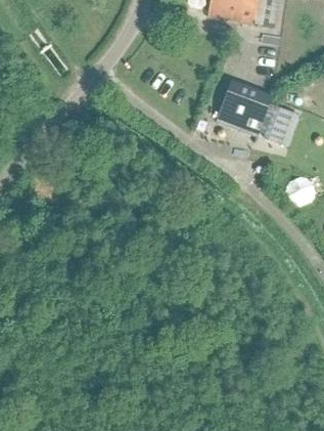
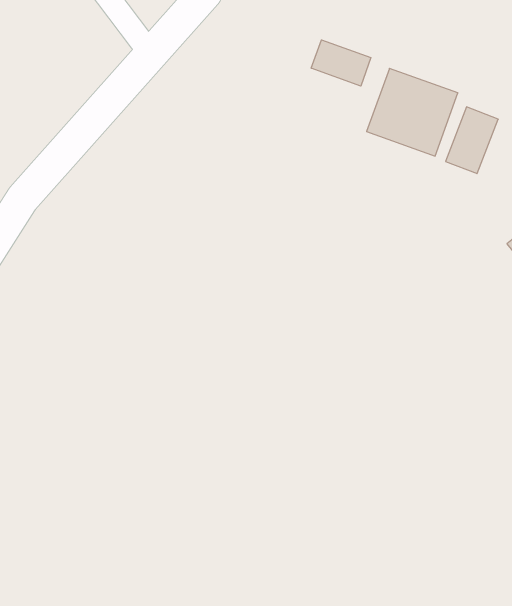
building: none -> [311,40,371,86]

